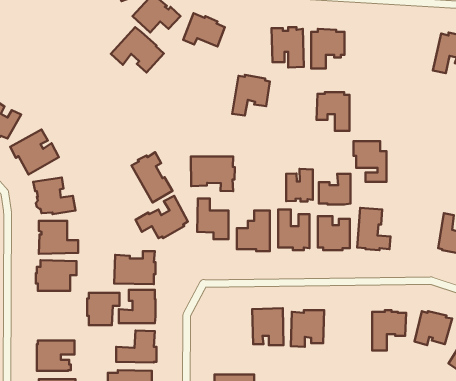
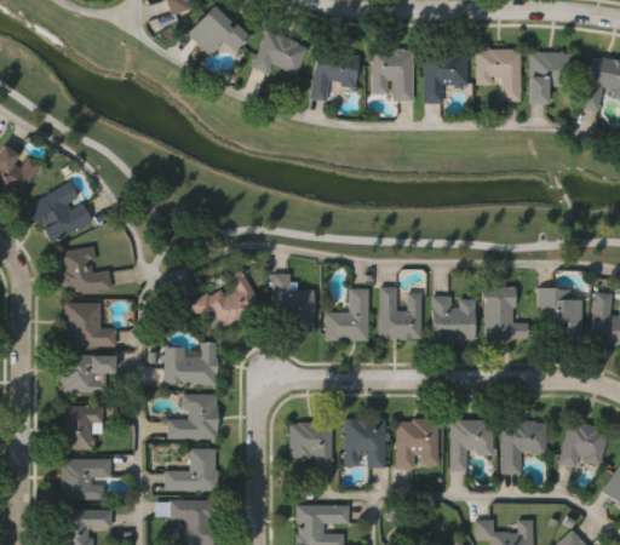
building: [111,27,164,73] -> none
building: none -> [529,50,573,103]
building: [232,75,270,116] -> [309,48,358,102]
building: [317,92,350,131] -> [477,47,521,98]
building: [353,141,387,182] -> [536,287,580,340]
building: [132,152,173,202] -> none
building: [191,156,235,191] -> none
building: [286,169,313,202] -> none
building: [319,174,350,204] -> none
building: [87,293,119,325] -> [61,407,103,449]
building: none -> [291,421,333,471]
building: none -> [450,421,495,470]

